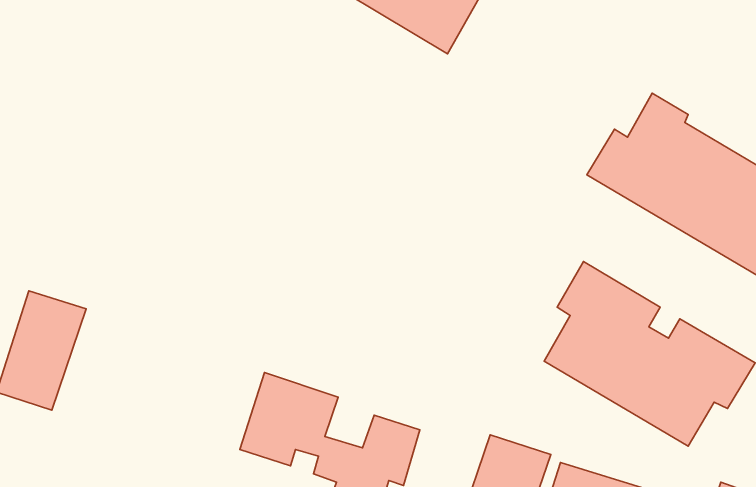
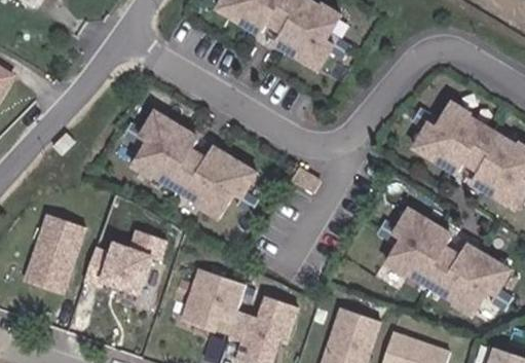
building: none -> [112,101,243,216]
building: none -> [90,234,173,297]

